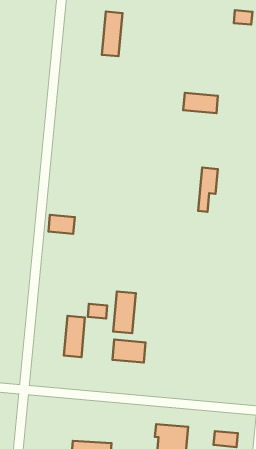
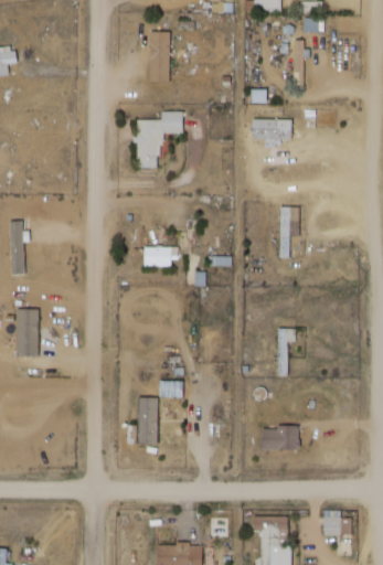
building: none -> [136,111,182,169]
building: [48,215,75,234] -> [142,248,172,268]
building: [113,292,136,333] -> none
building: [113,340,146,363] -> [260,427,298,451]

